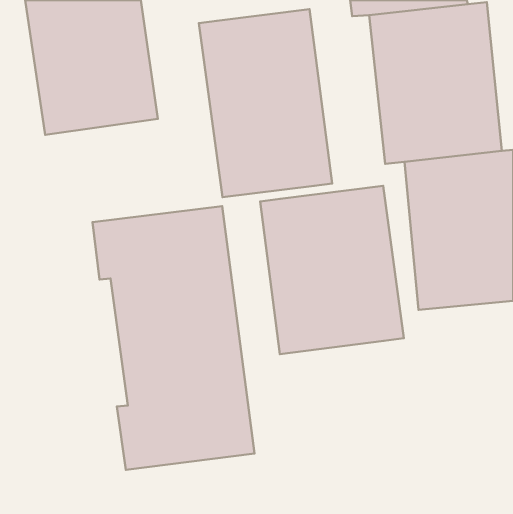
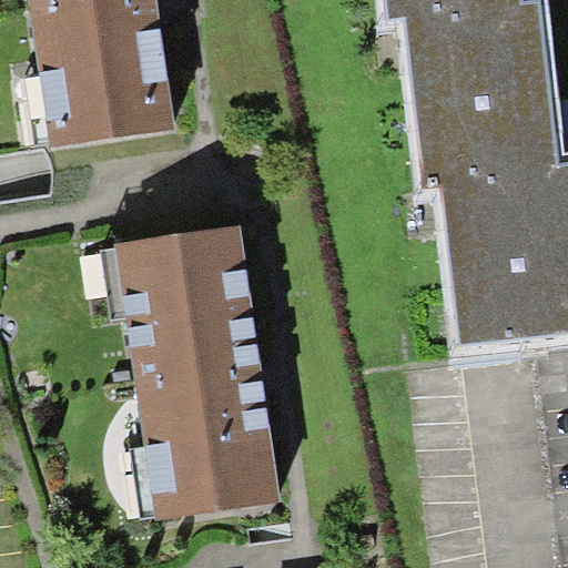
building: [199,9,332,197] -> none
building: [260,186,404,354] -> none

